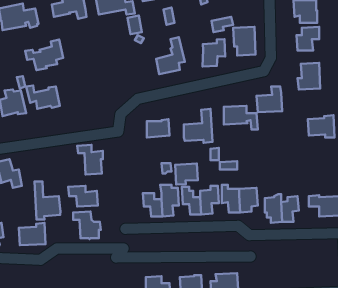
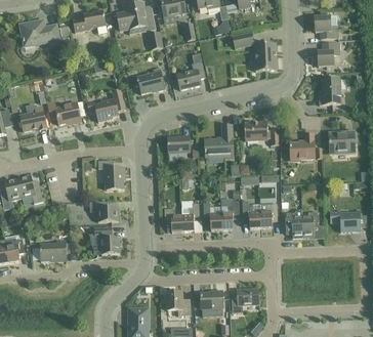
building: [203,39,225,67] -> none
building: [25,39,63,70] -> [86,90,124,121]
building: none -> [136,68,164,93]
building: [257,87,282,112] -> [289,133,315,159]
building: [175,163,198,184] -> none
building: [34,182,61,220] -> none

